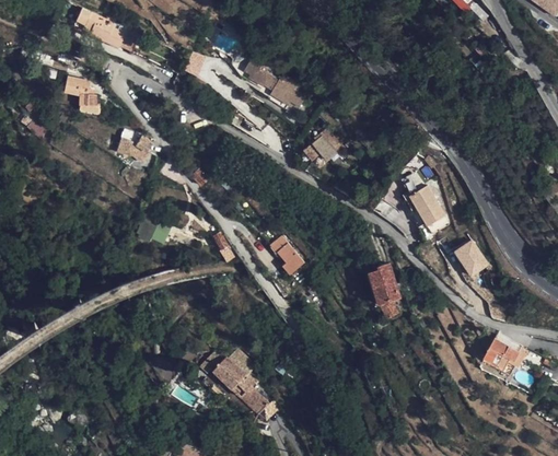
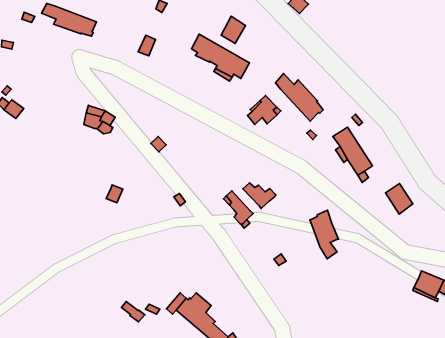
building: none -> [221,16,246,43]
building: [63,77,100,114] -> none
building: none -> [275,74,323,121]
building: none -> [243,183,276,209]

